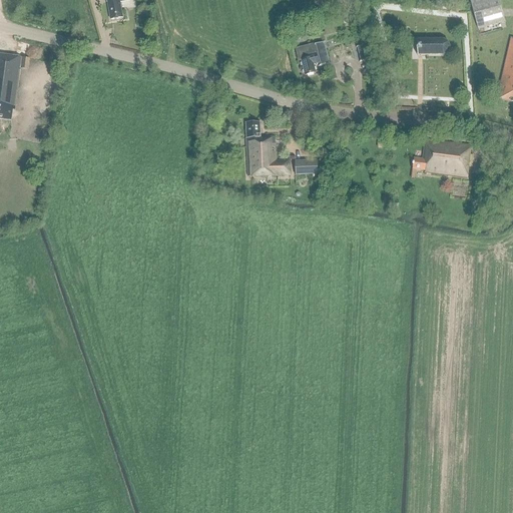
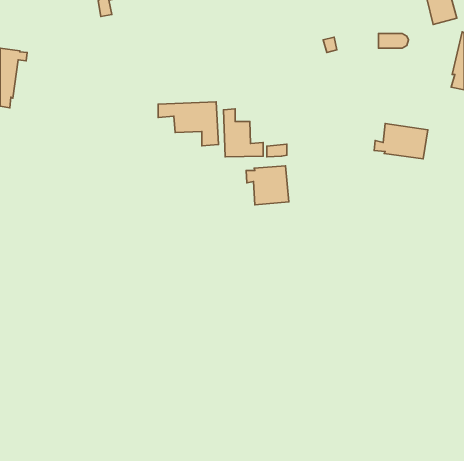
building: [299,40,328,73] -> none
building: none -> [158,102,218,146]
building: none -> [246,166,289,205]

